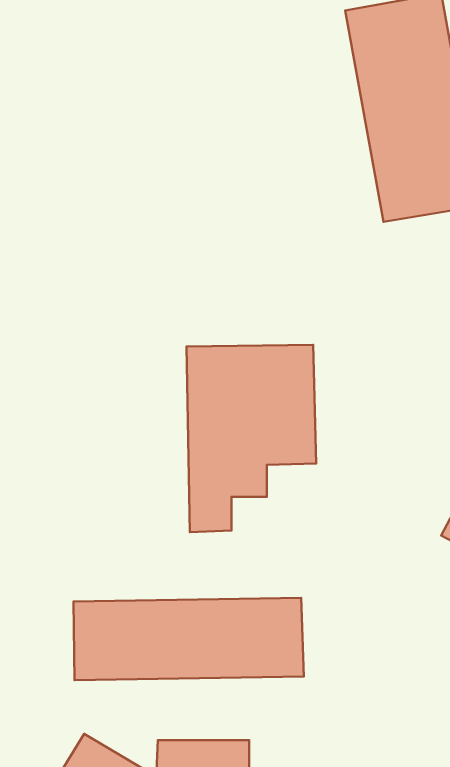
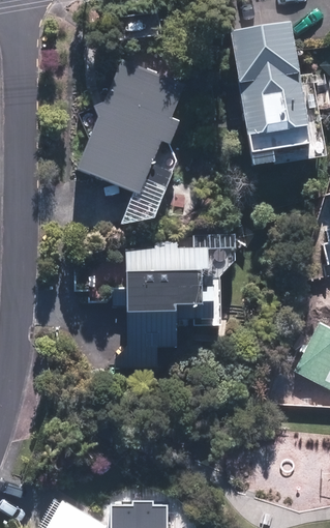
building: none -> [79,58,186,193]
building: [73,598,304,680] -> none

